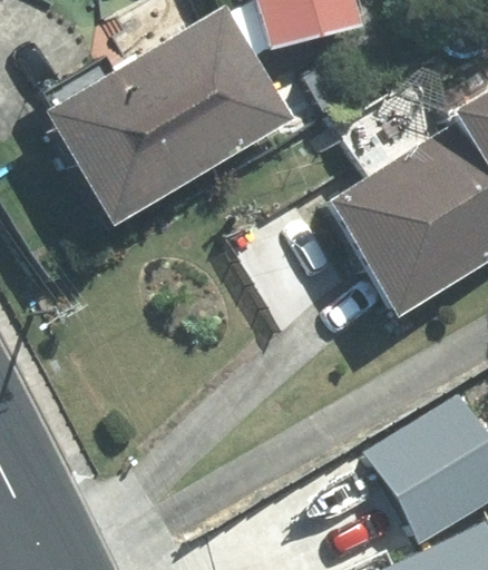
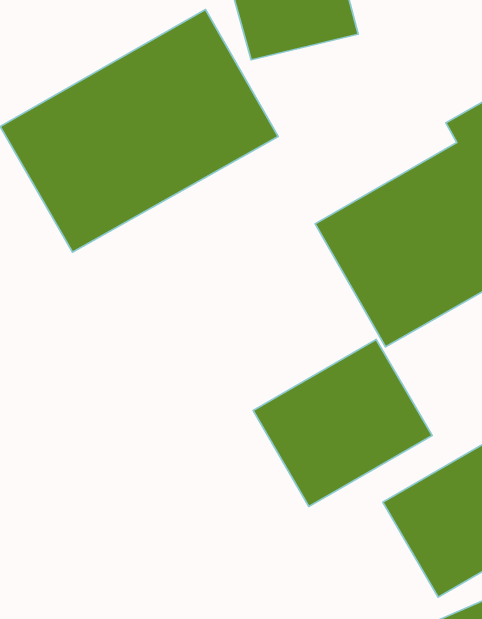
building: none -> [253,339,432,507]

